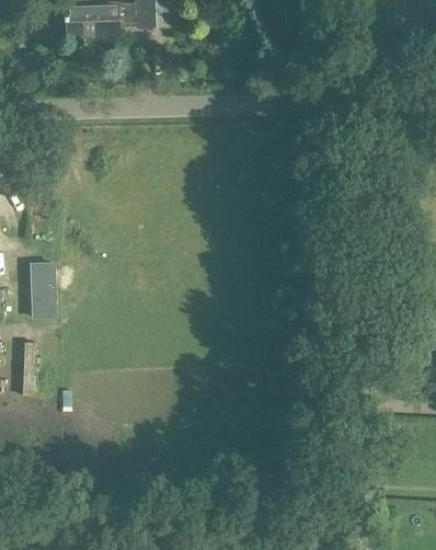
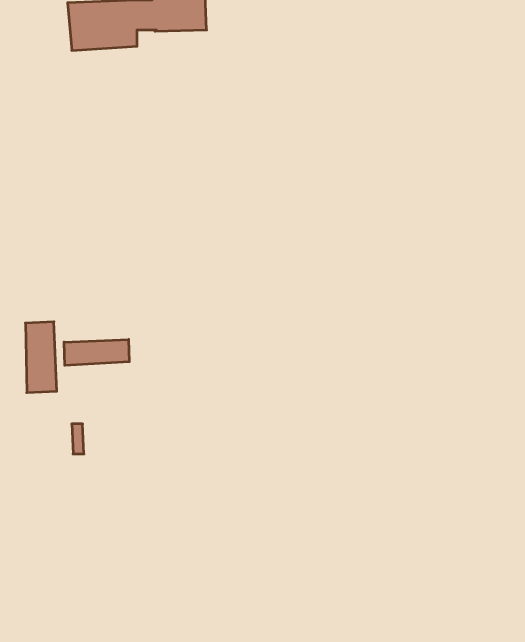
building: none -> [64,339,129,365]

